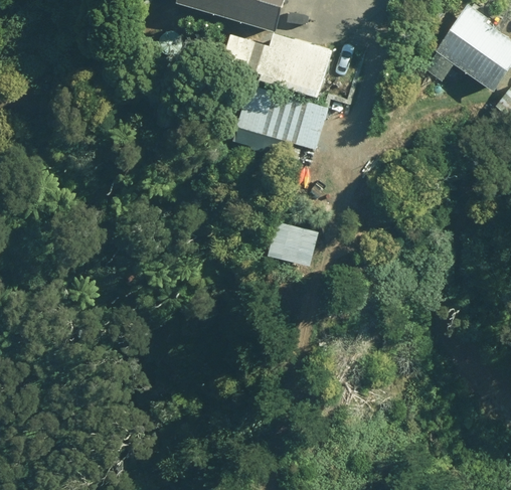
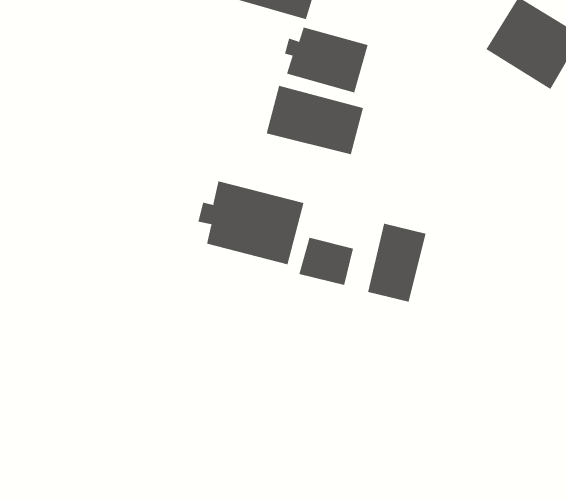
building: none -> [198,180,304,265]
building: none -> [367,223,426,302]

